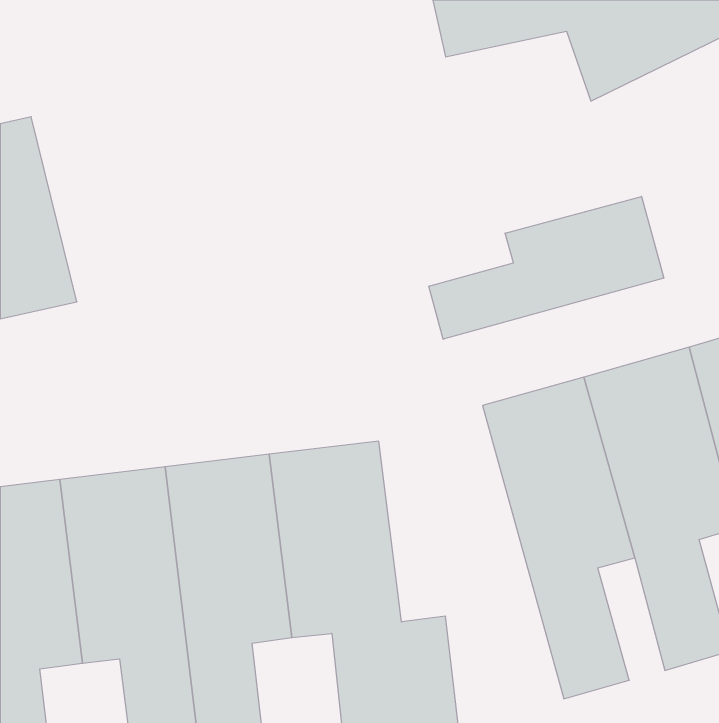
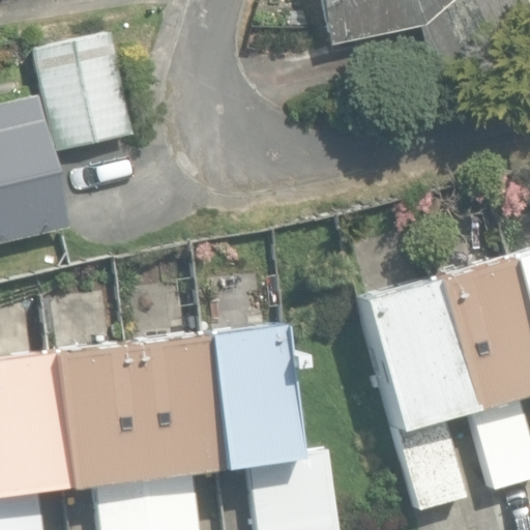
building: none -> [28,31,132,154]
building: [429,196,664,339] -> none

